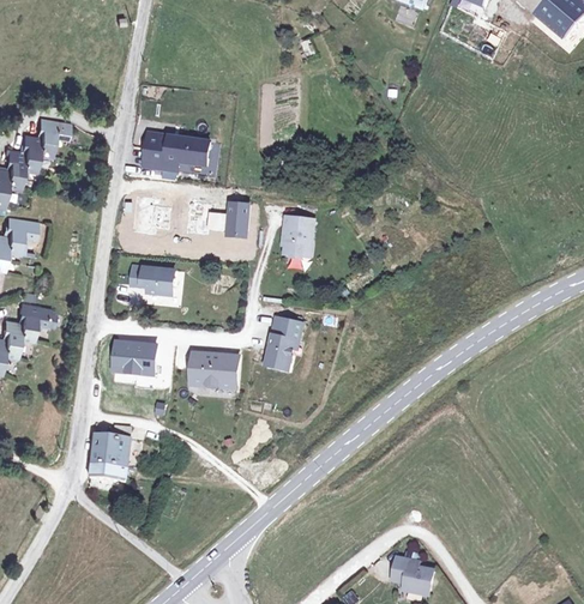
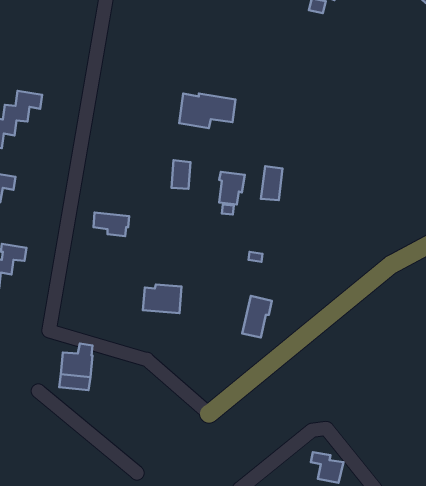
building: [140,131,209,173] -> [179,94,235,128]
building: none -> [261,166,283,200]
building: [265,318,301,368] -> [242,296,272,337]
building: [110,340,156,375] -> none

